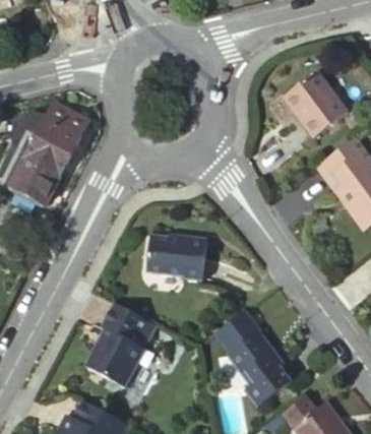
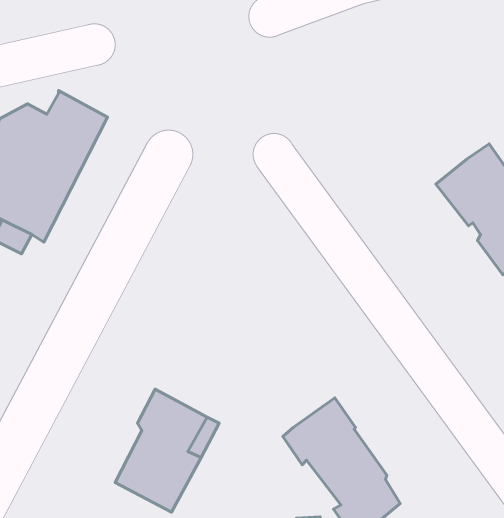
building: [284,69,345,132] -> none
building: [154,237,215,281] -> none

